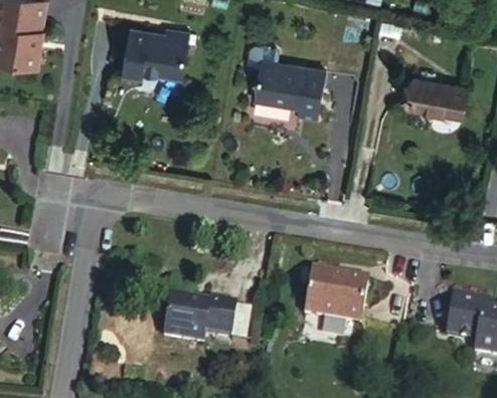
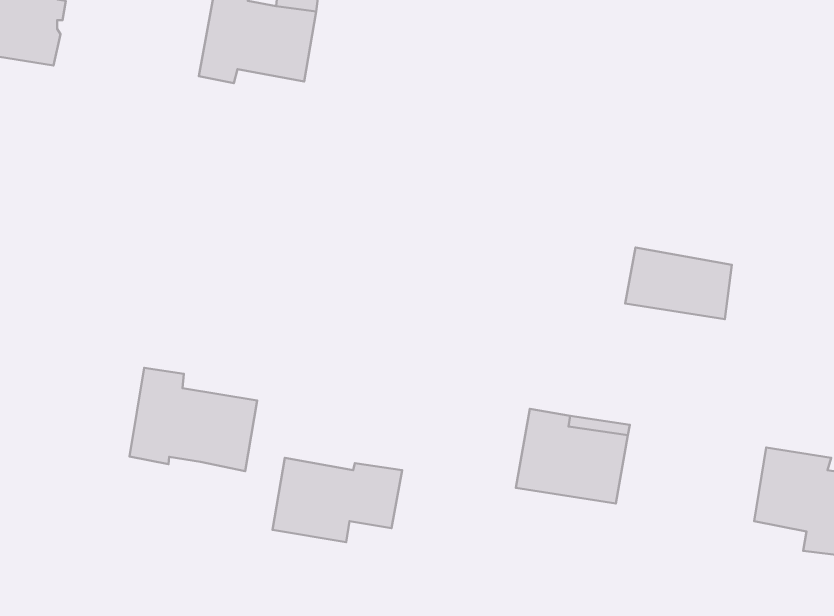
building: [246,42,325,121] -> none
building: [401,77,463,119] -> [625,247,732,319]
building: none -> [129,368,257,471]

